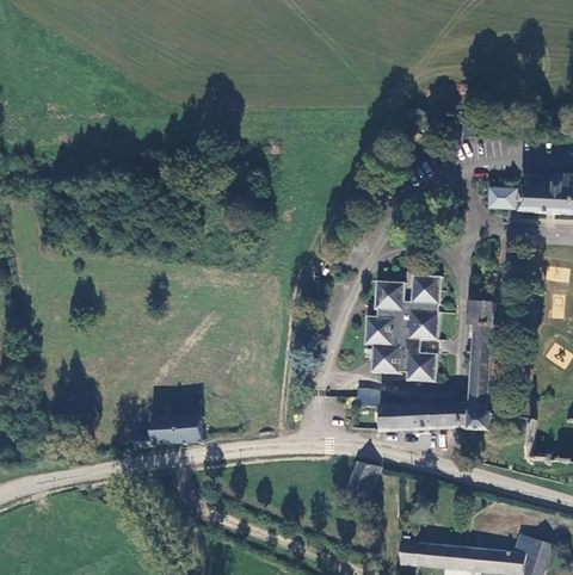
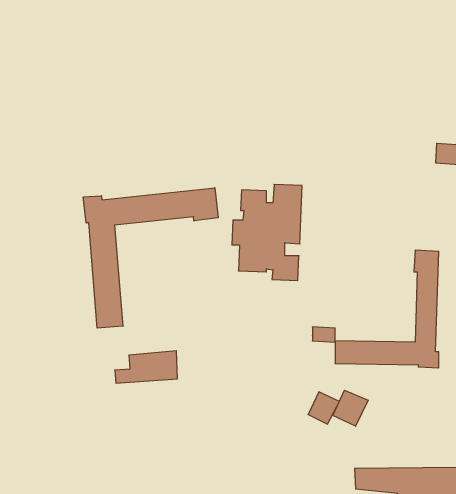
building: none -> [83,188,218,328]
building: [363,276,440,382] -> [232,184,302,281]
building: none -> [333,390,368,426]

